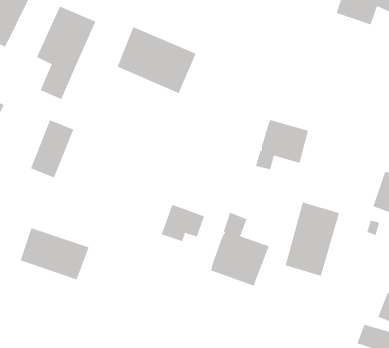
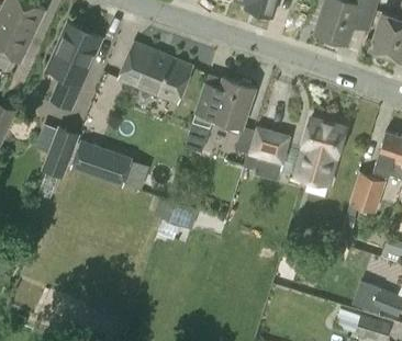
building: none -> [185,75,255,152]
building: [285,202,340,277] -> [293,117,343,184]
building: [211,212,269,287] -> none
building: [20,227,89,280] -> [70,140,133,187]

